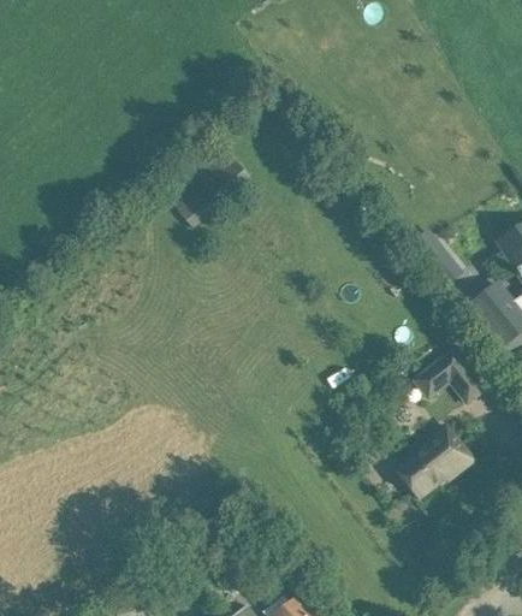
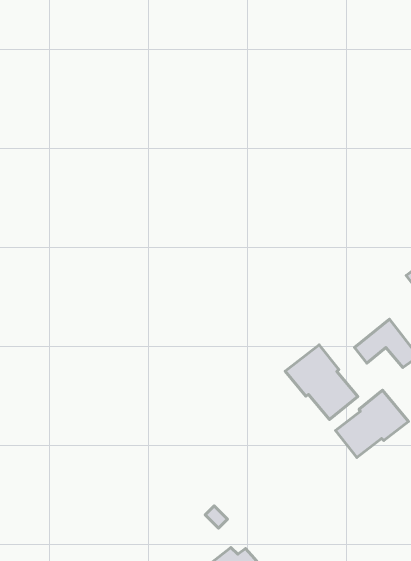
building: none -> [285,345,358,419]

